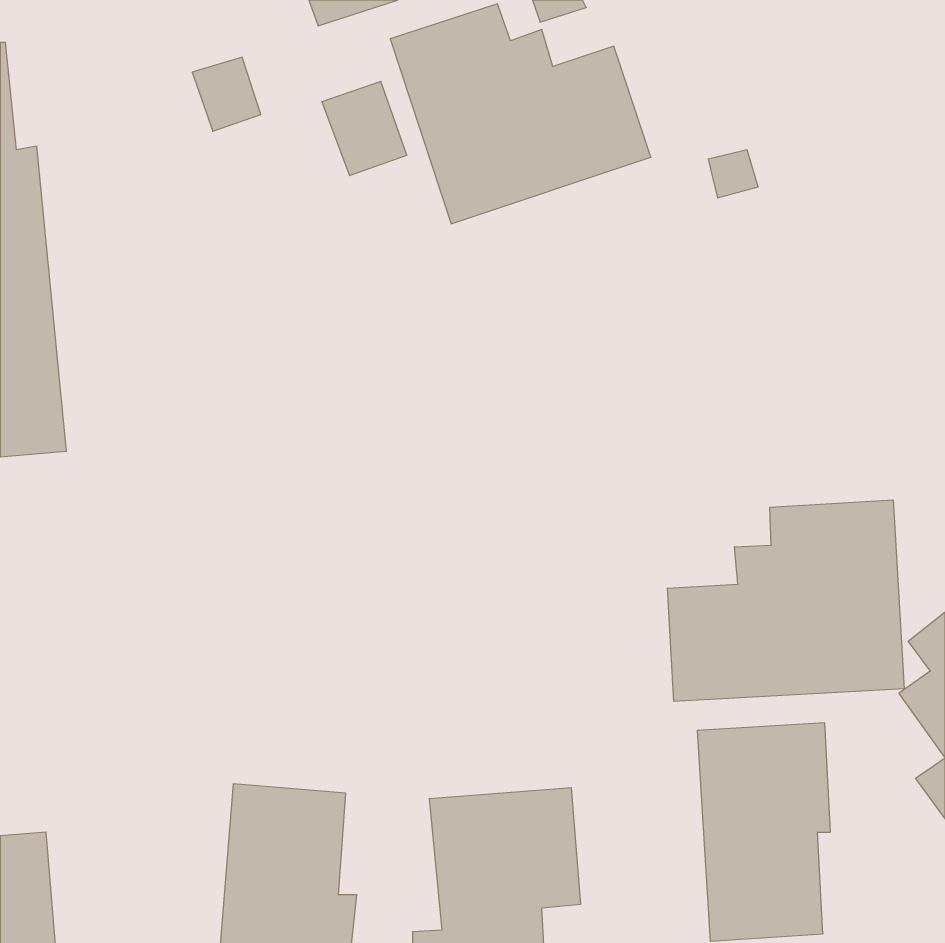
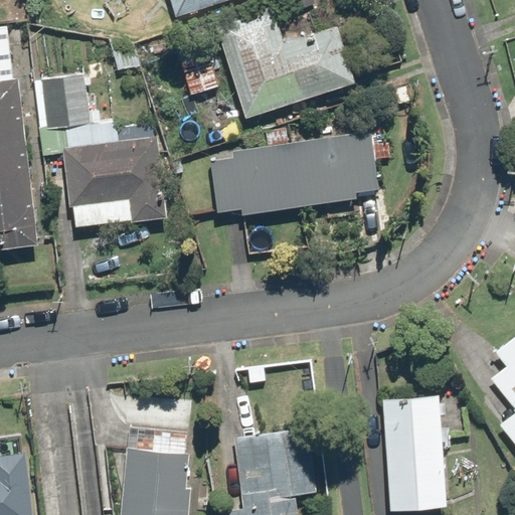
building: none -> [40,73,163,228]
building: none -> [208,127,389,218]
building: [668,500,904,701] -> none

